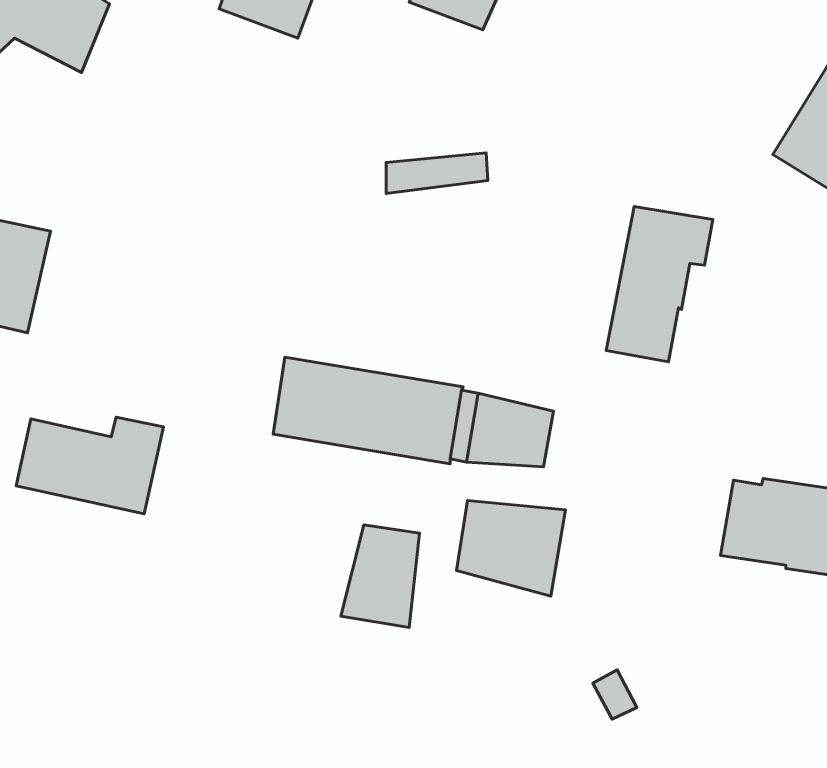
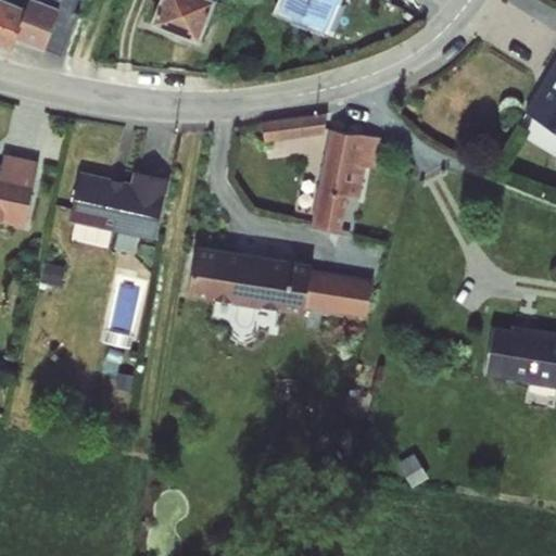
building: [606,206,713,362] -> [311,130,381,233]
building: [16,417,164,514] -> [70,174,167,238]
building: [456,500,565,596] -> none
building: [341,525,419,628] -> none

